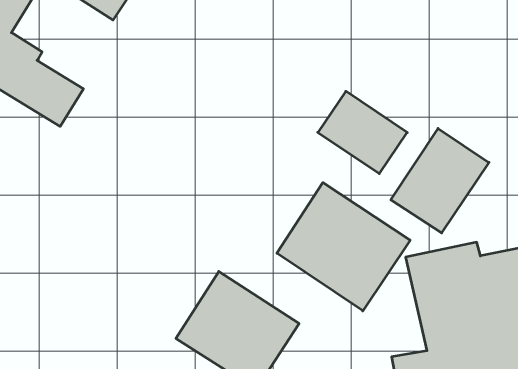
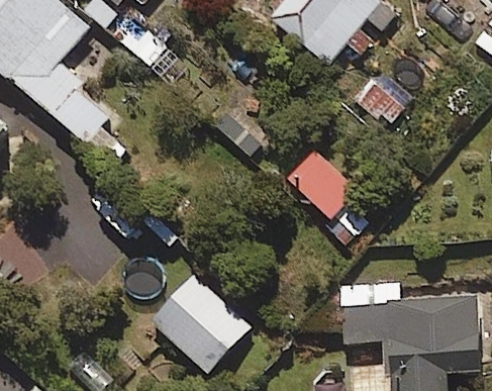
building: [391,128,489,233] -> none
building: [277,183,410,311] -> none

